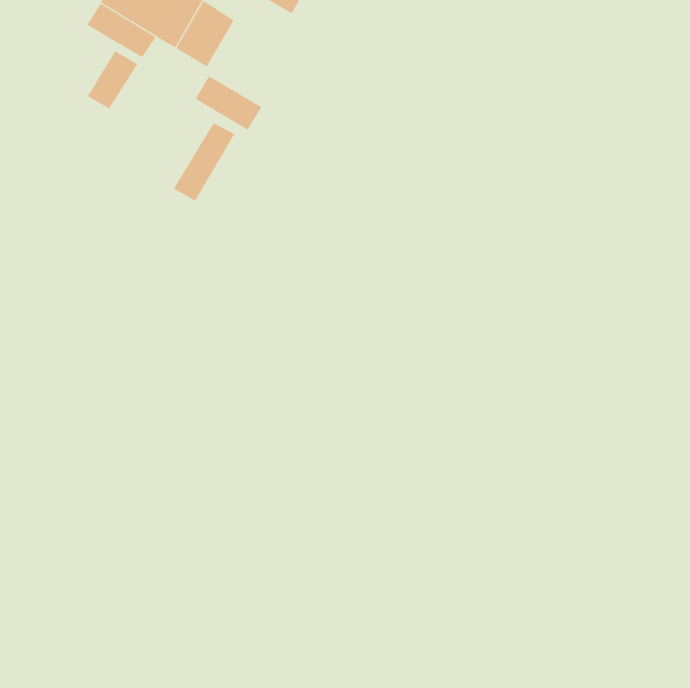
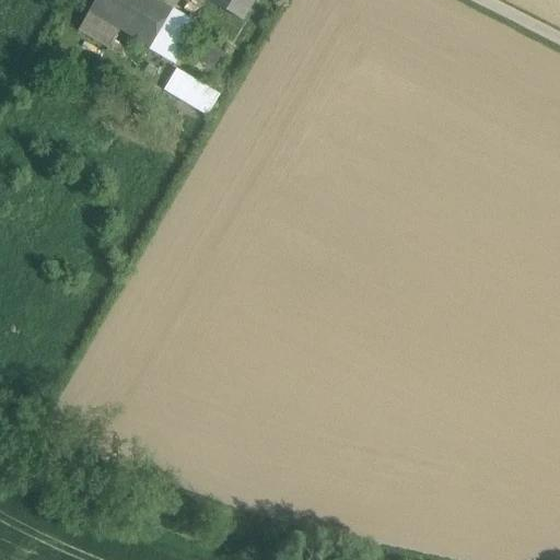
building: [87,50,138,109] -> none
building: [173,123,235,202] -> none

